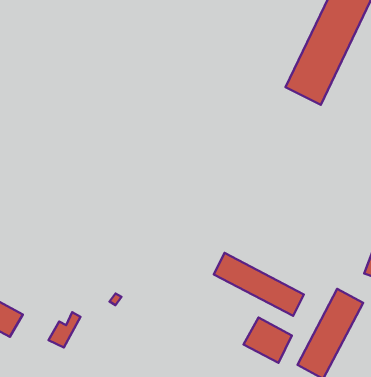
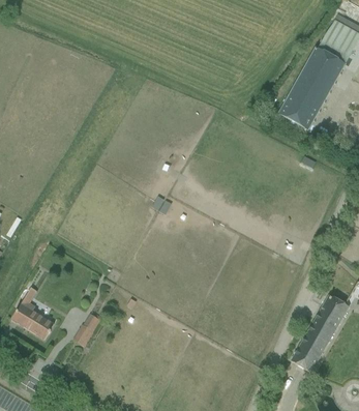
building: [214,253,304,316] -> none
building: [243,317,292,363] -> none

